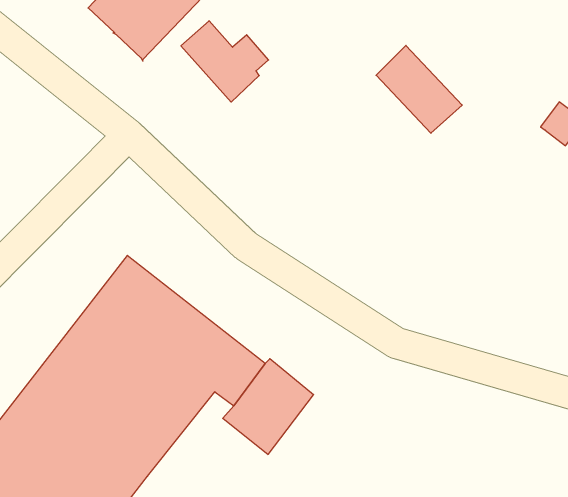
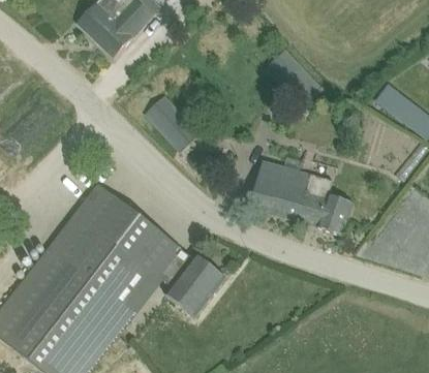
building: [181,21,269,102] -> [145,96,203,150]
building: none -> [249,155,351,235]

